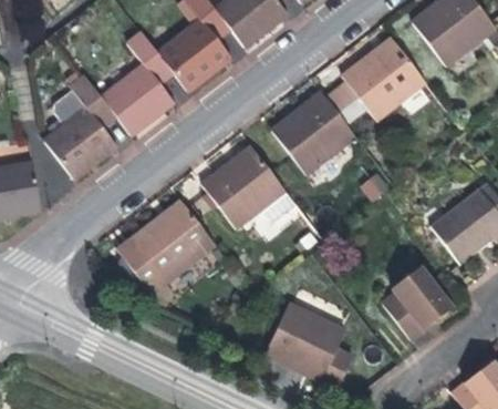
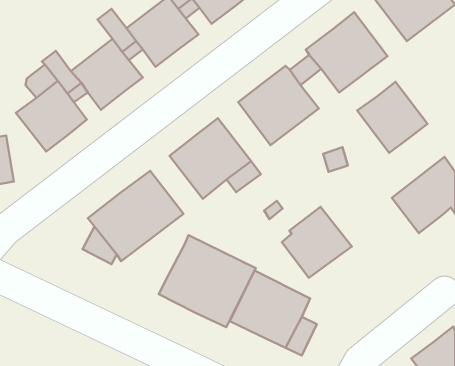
building: none -> [357,82,427,153]
building: none -> [159,235,256,327]
building: [383,266,455,339] -> [282,207,352,278]

